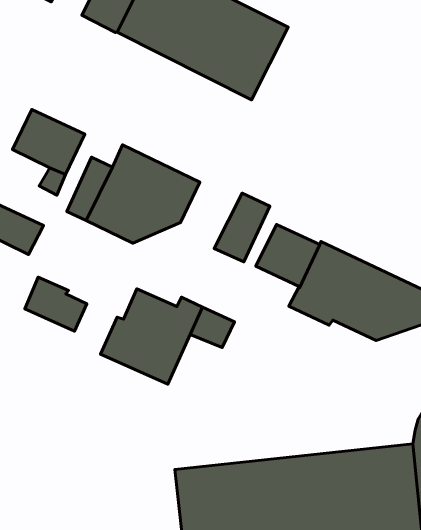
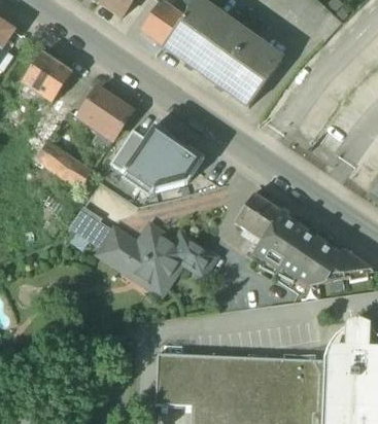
building: [214,193,270,262] -> none
building: none -> [99,229,134,266]

